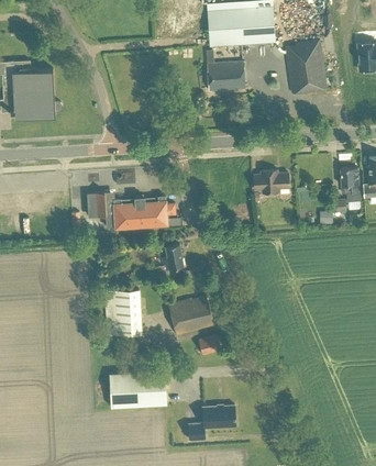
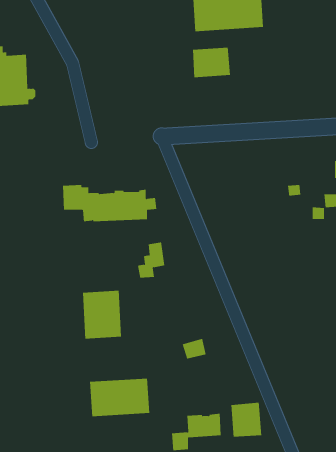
building: [285,41,325,93] -> none
building: [254,169,290,192] -> none
building: [168,295,214,334] -> none
building: none -> [231,402,262,437]

